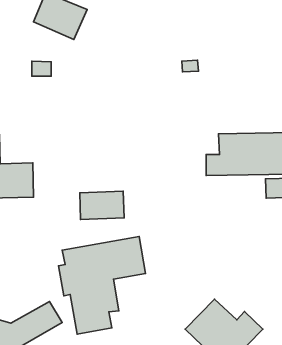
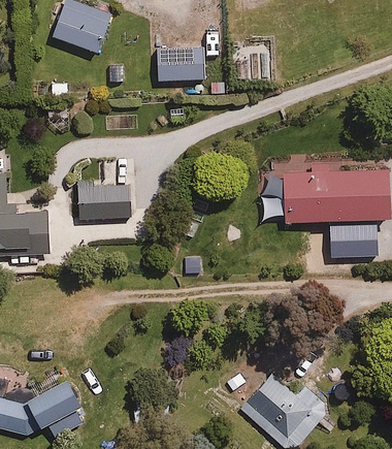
building: none -> [154,47,205,83]
building: [80,191,124,219] -> [77,184,132,219]
building: [59,237,146,334] -> none

